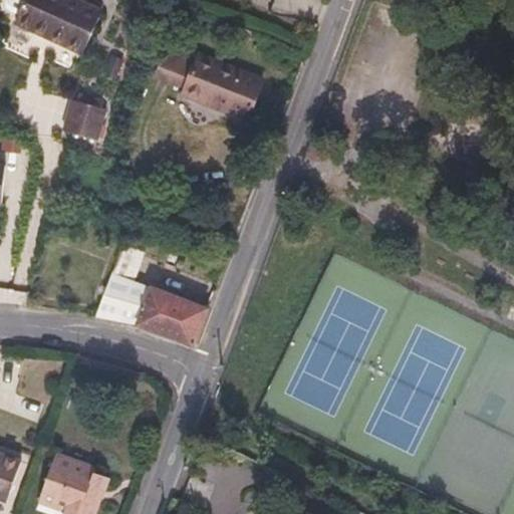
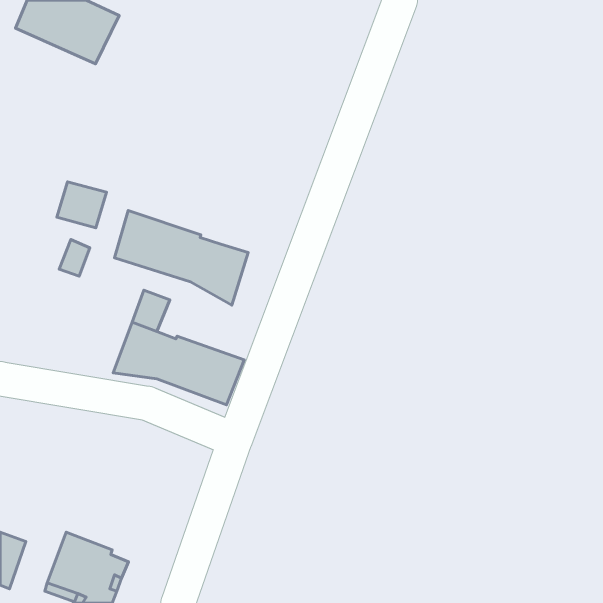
building: [159,53,261,118] -> none
building: [64,102,106,142] -> [57,182,106,228]
building: none -> [114,210,248,305]

